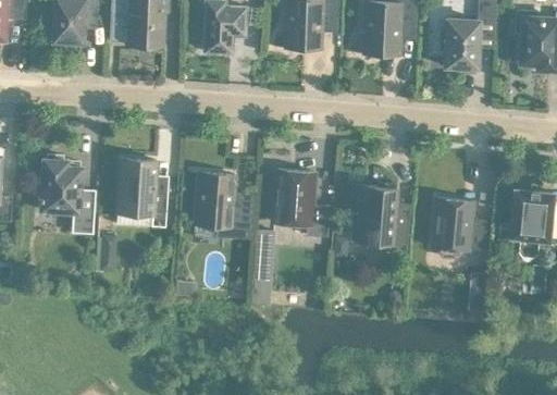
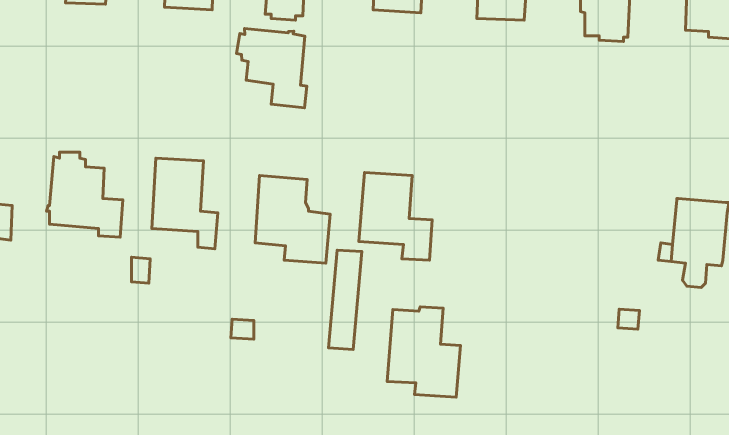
building: none -> [236,29,307,108]
building: [354,183,409,251] -> [387,307,461,397]
building: [432,197,487,258] -> none

